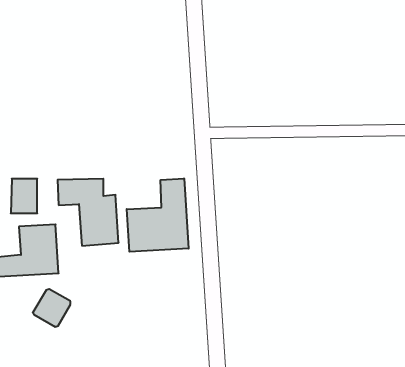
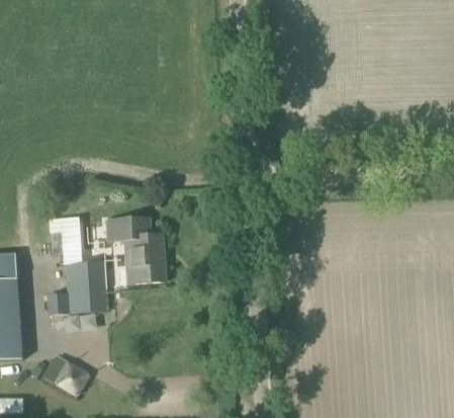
building: [127,178,189,252] -> none
building: [33,289,70,327] -> [54,359,91,397]

